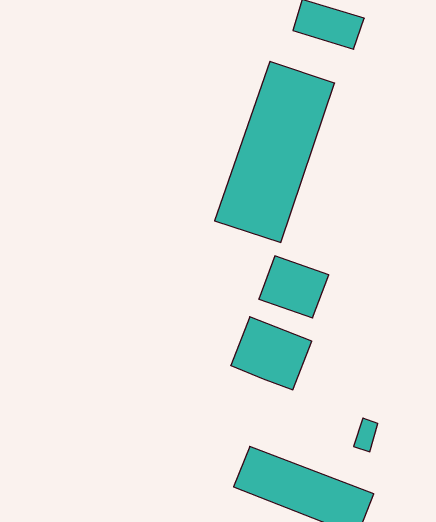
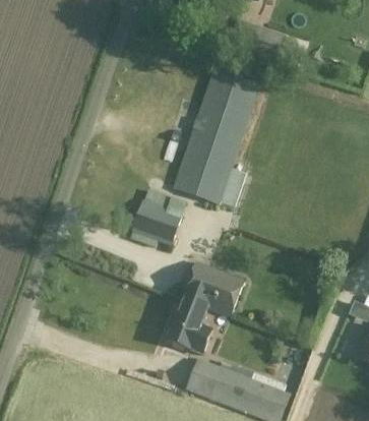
building: [259,256,329,318] -> [132,198,185,245]
building: none -> [168,297,213,353]

